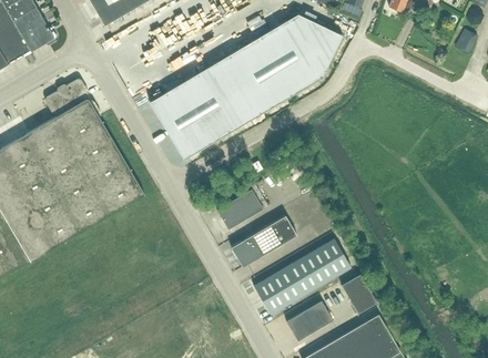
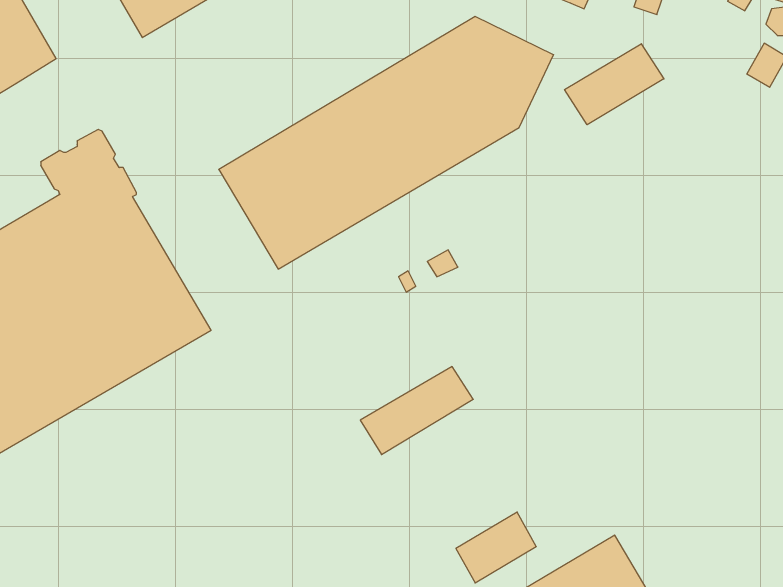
building: none -> [565,44,664,125]
building: [216,184,268,228] -> none
building: [253,237,352,314] -> none
building: [342,273,377,313] -> none

